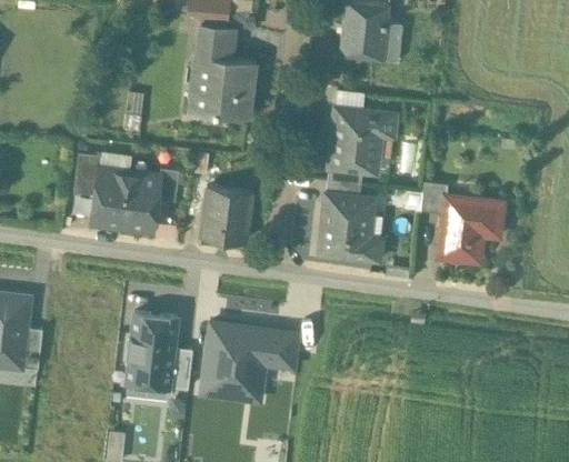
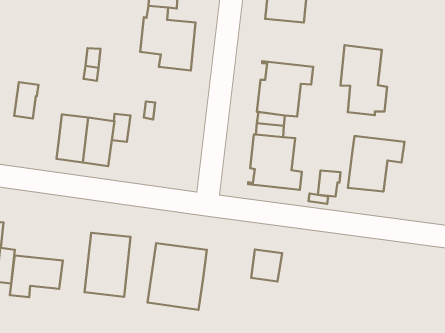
building: none -> [340,45,387,115]
building: [72,154,101,198] -> [14,82,39,119]
building: [420,182,447,213] -> [318,170,340,197]
building: [200,189,251,243] -> none
building: [264,331,301,369] -> [251,250,282,281]
building: none -> [10,255,63,297]

